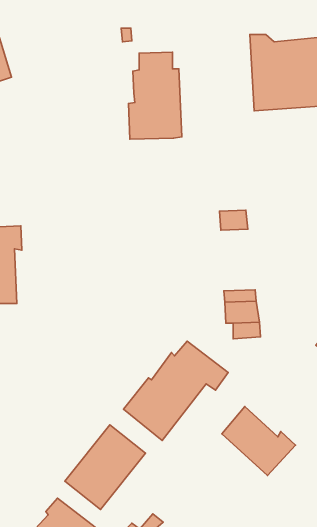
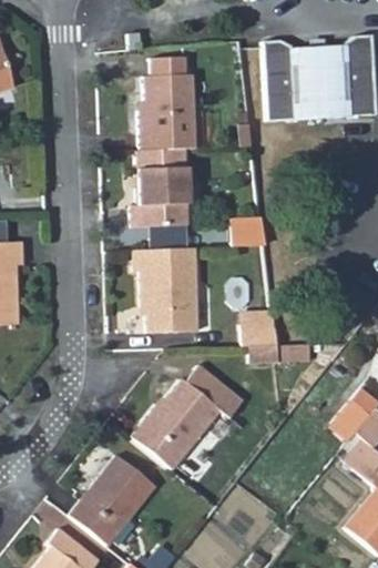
building: none -> [132,150,188,225]
building: none -> [135,248,198,333]
building: [222,407,295,476] -> none

